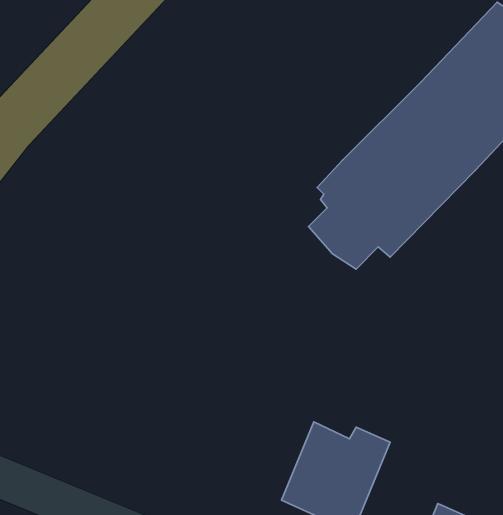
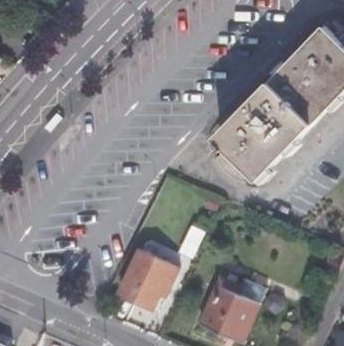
building: none -> [117,253,177,309]

